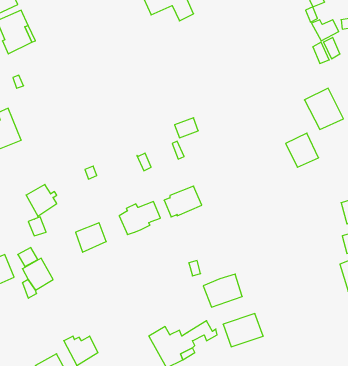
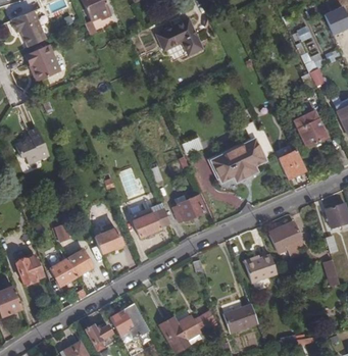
building: none -> [212,139,264,179]
building: [26,184,57,216] -> [66,248,93,275]
building: none -> [272,222,304,256]
building: [203,274,242,307] -> [245,253,279,282]
building: none -> [110,304,149,336]

